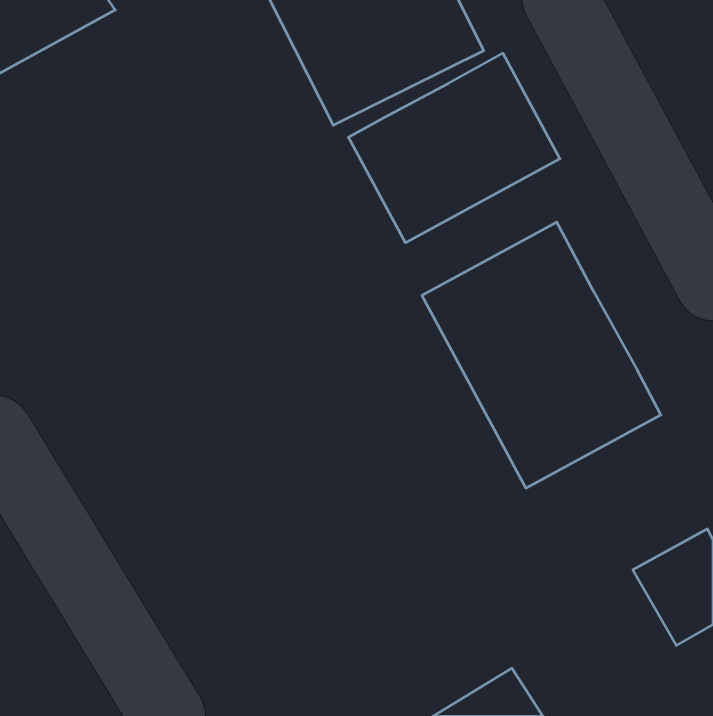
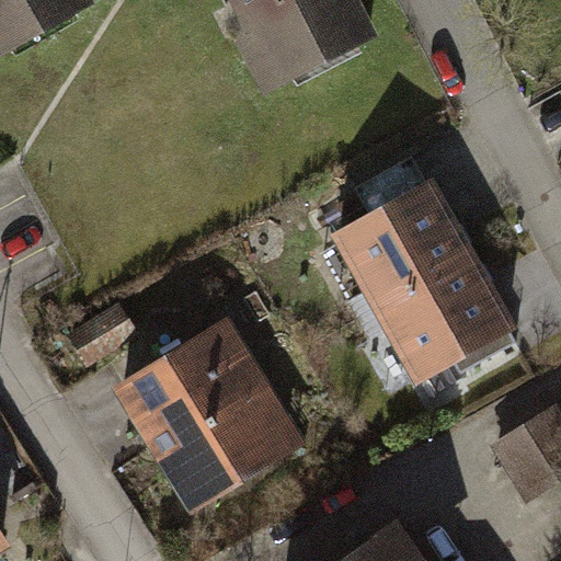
building: [348,53,560,243] -> none
building: none -> [111,316,309,516]

